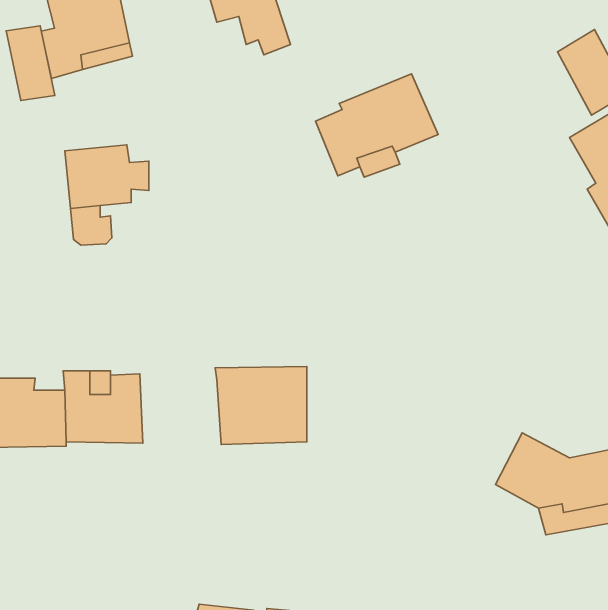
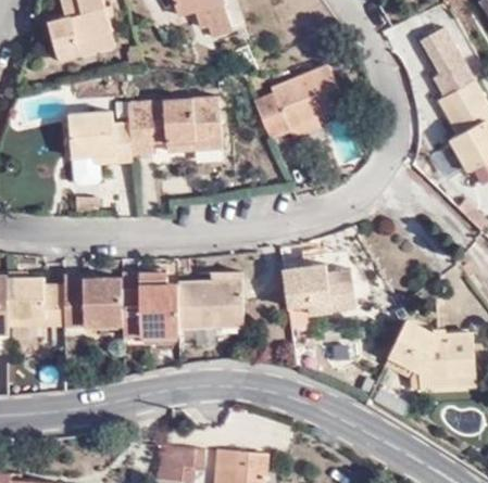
building: [6,26,55,101] -> none
building: none -> [127,93,221,155]
building: none -> [281,260,356,312]
building: none -> [122,270,182,334]

